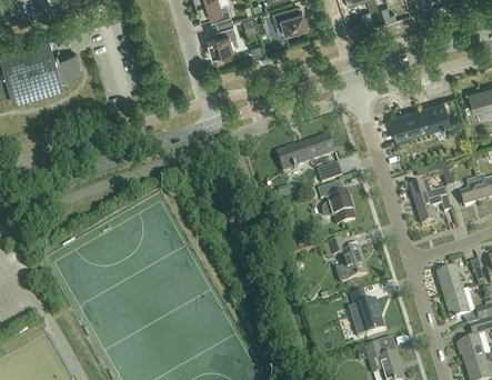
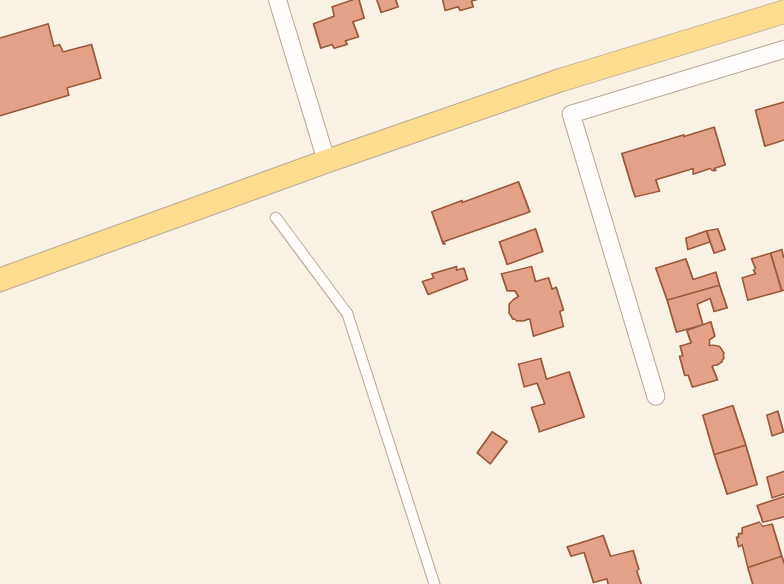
building: none -> [680,322,724,387]
building: [350,292,383,337] -> none

